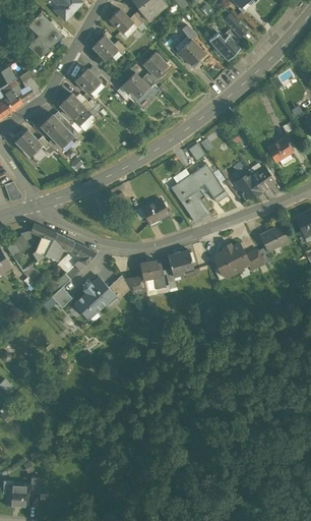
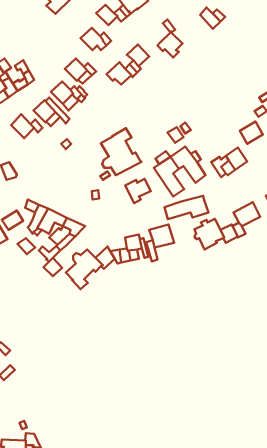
building: [26,11,61,56] -> none
building: [207,31,238,59] -> none
building: none -> [101,128,141,175]
building: none -> [164,196,208,219]

